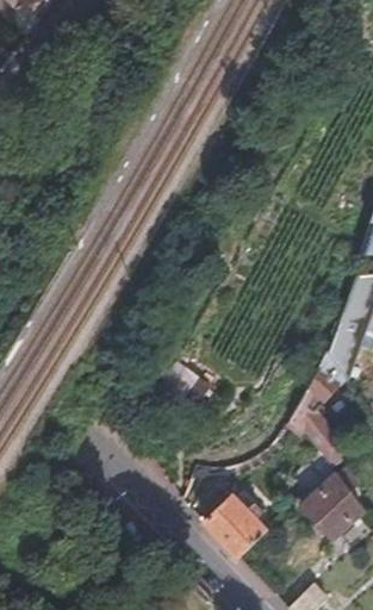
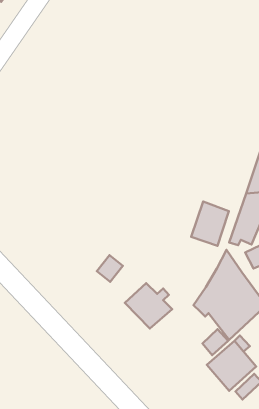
building: none -> [191,201,229,246]
building: [203,496,266,556] -> [125,283,172,329]

